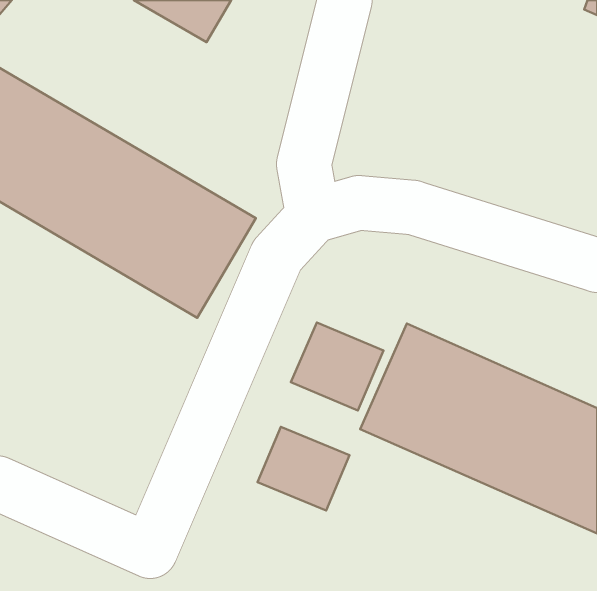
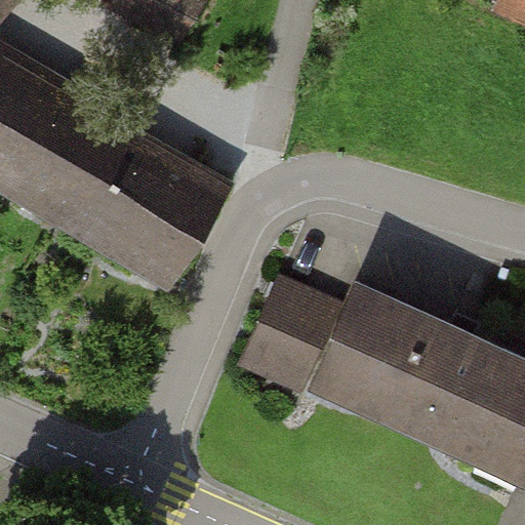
building: [258,427,349,510] -> none

